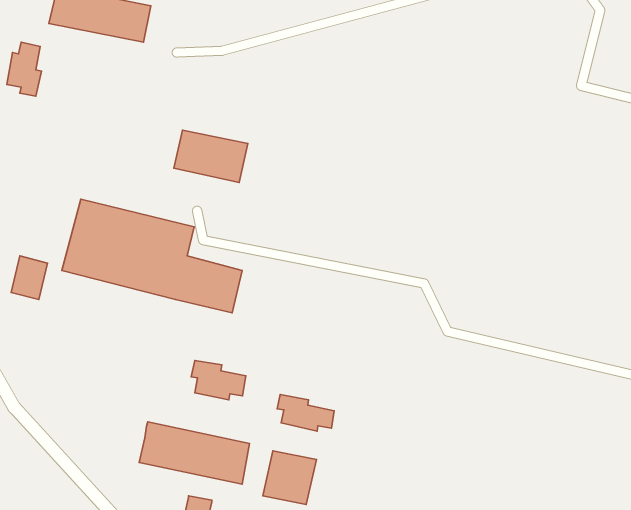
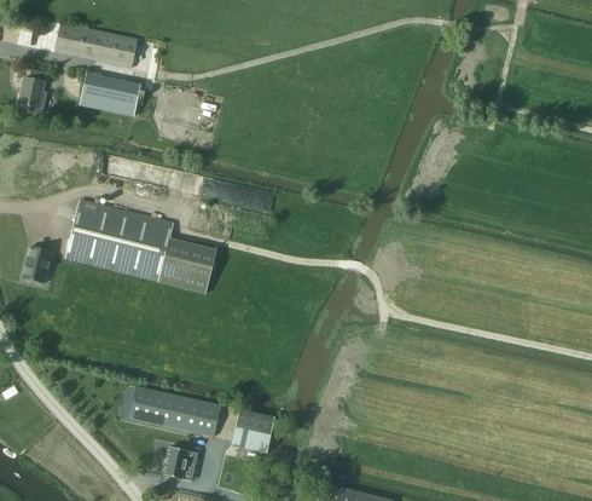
building: [174,130,248,183] -> [79,73,140,116]
building: [191,360,246,400] -> none
building: [277,395,334,431] -> none

